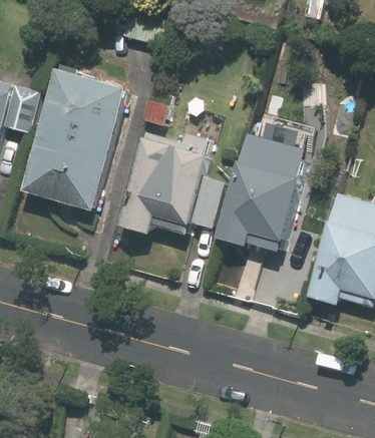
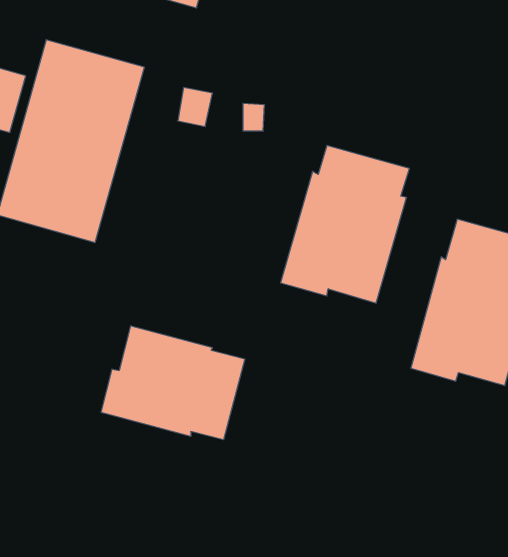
building: [119,132,227,234] -> none
building: none -> [101,326,245,440]

